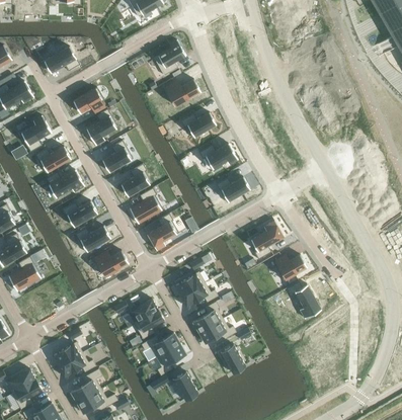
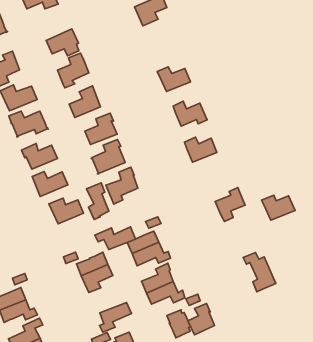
building: [168,79,200,104] -> none
building: none -> [87,183,109,220]
building: [274,254,308,279] -> [262,195,295,220]
building: [141,333,180,357] -> [95,227,135,250]
building: none -> [188,304,215,335]

